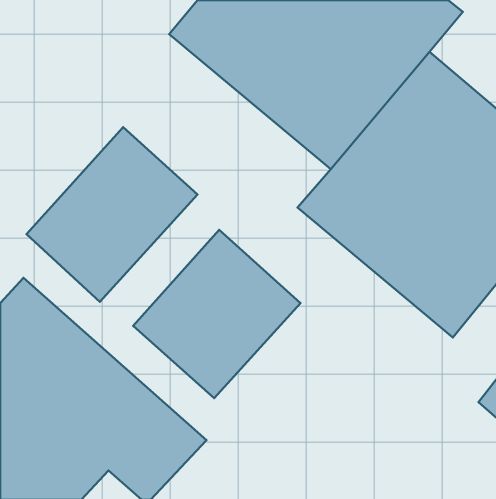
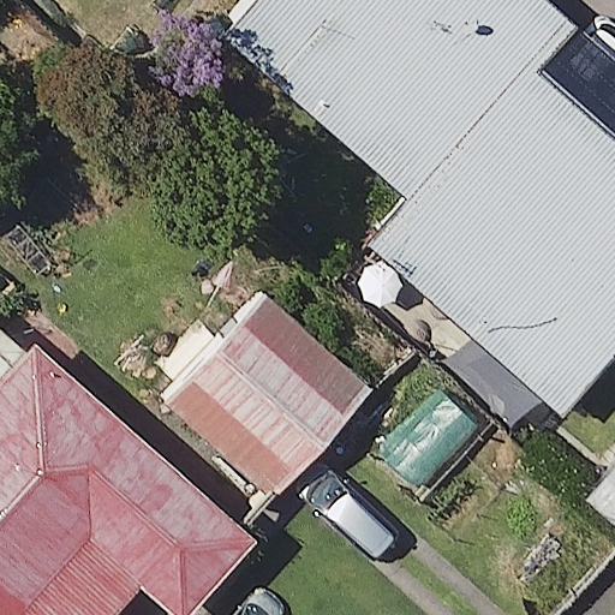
building: [26,127,197,302] -> none

